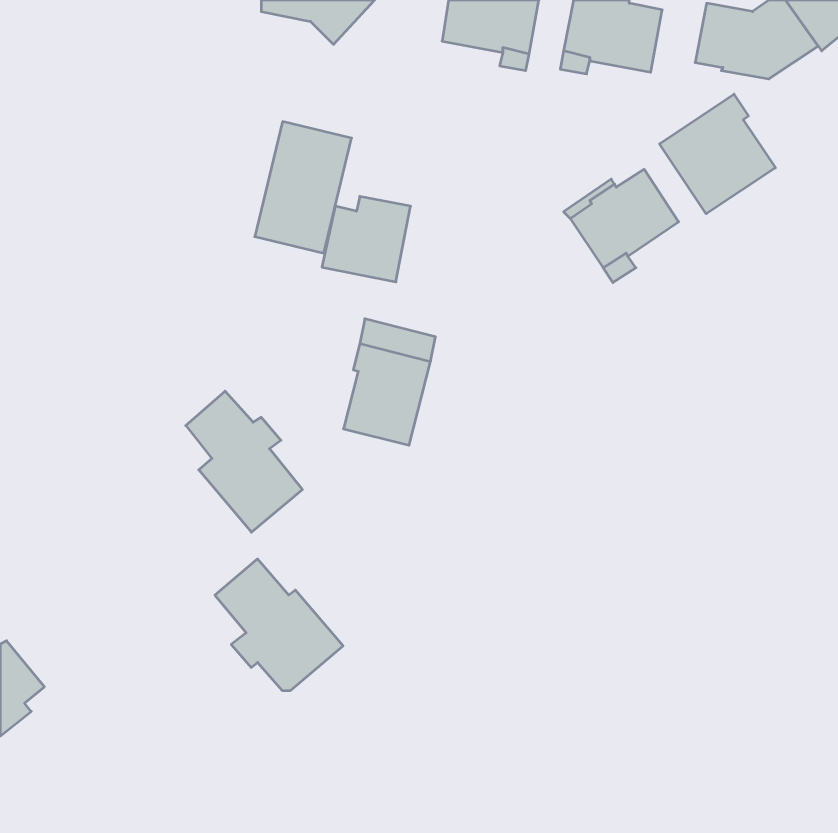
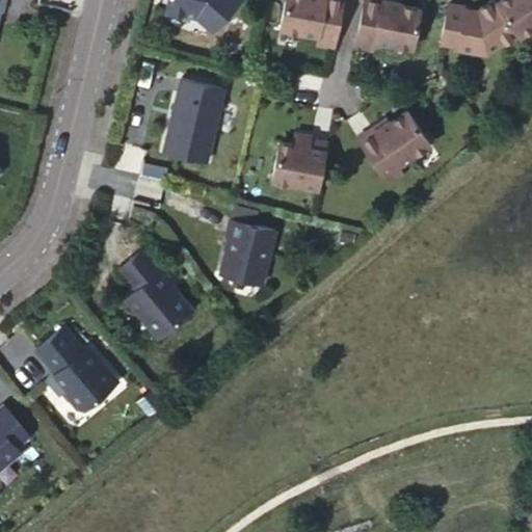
building: [660,94,775,214] -> none
building: [322,196,411,282] -> [271,135,327,189]
building: [215,559,343,690] -> [37,330,118,414]

